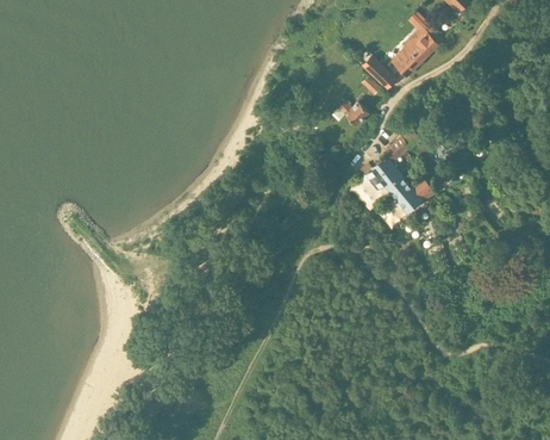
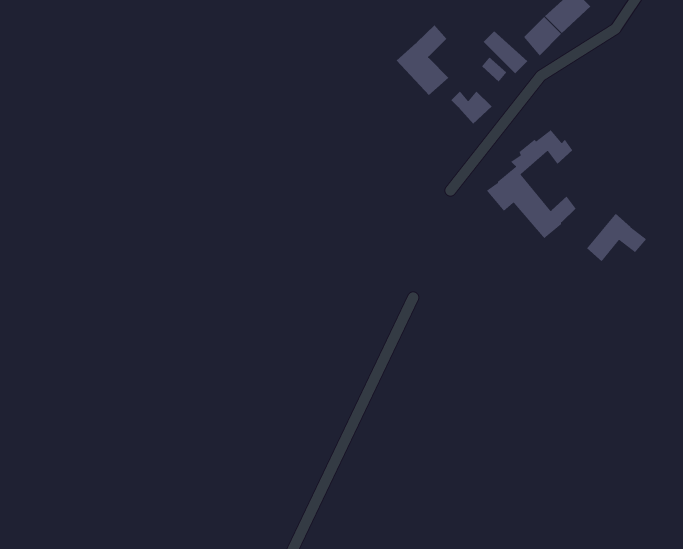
building: none -> [396,24,449,96]
building: none -> [586,213,647,262]

